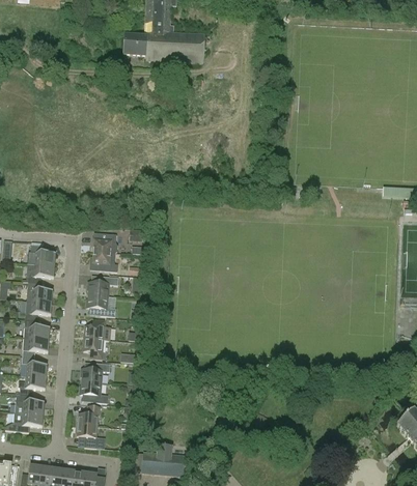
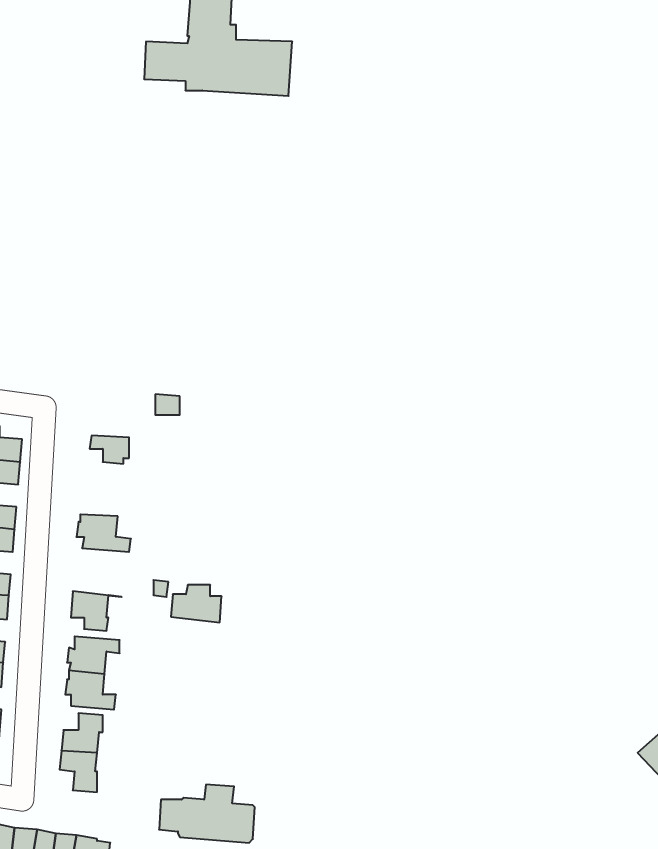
building: [92,232,117,252] -> none
building: [86,275,117,295] -> none
building: [83,319,111,340] -> [171,585,222,622]

